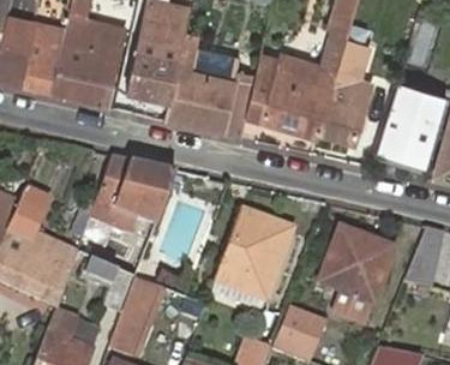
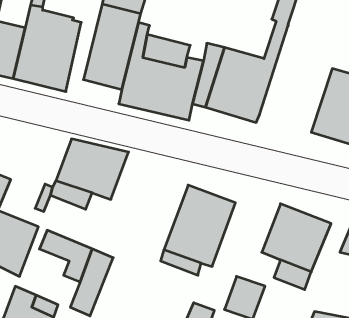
building: [317,34,376,143] -> none

